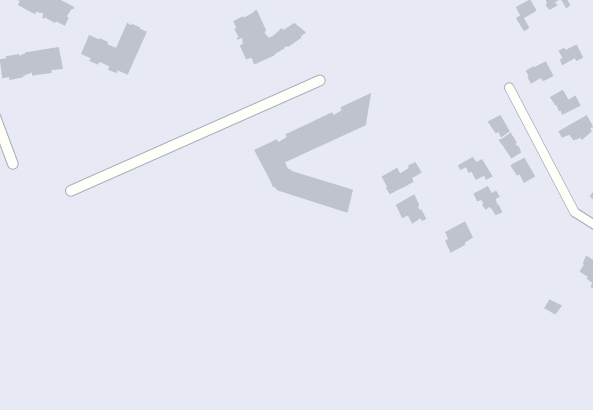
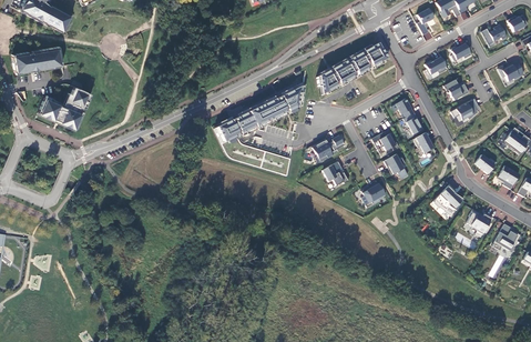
building: [232,9,307,65] -> none
building: [80,22,148,75] -> [39,86,92,128]
building: none -> [319,42,388,97]
building: none -> [432,184,463,217]

